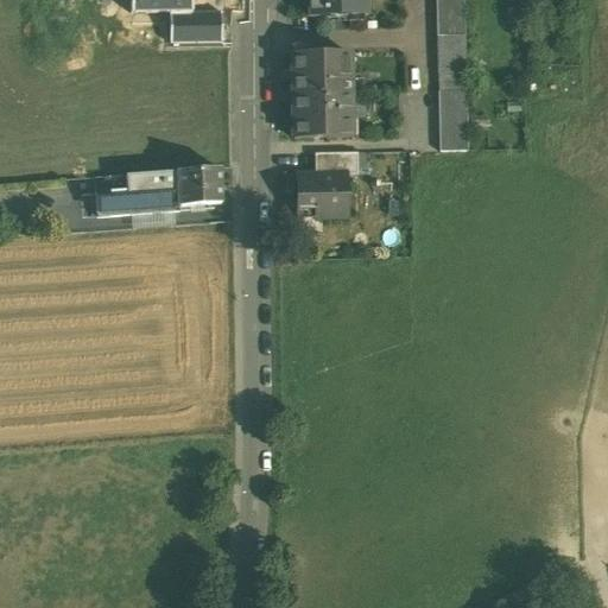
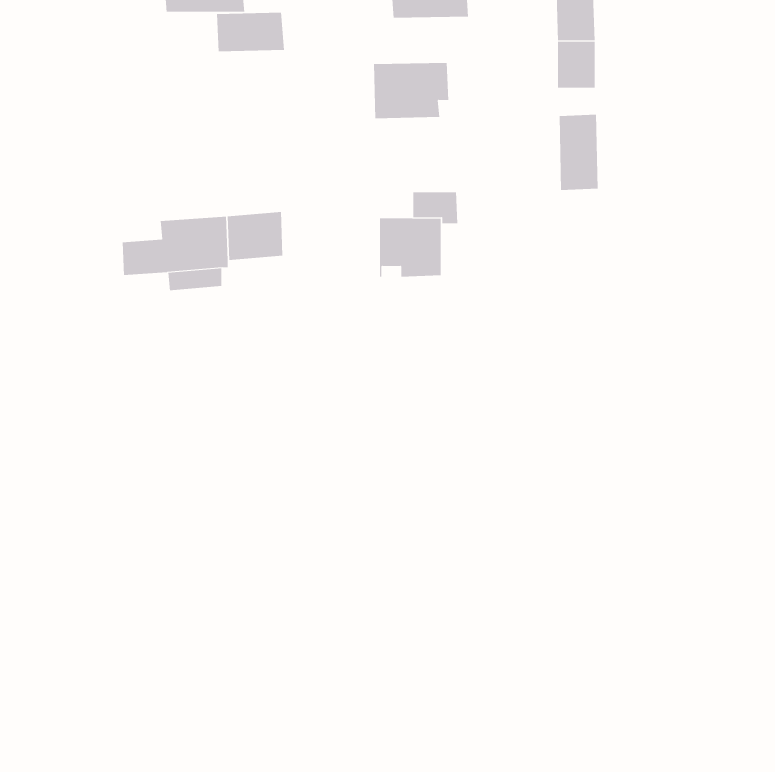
building: [294,91,354,135] -> none

